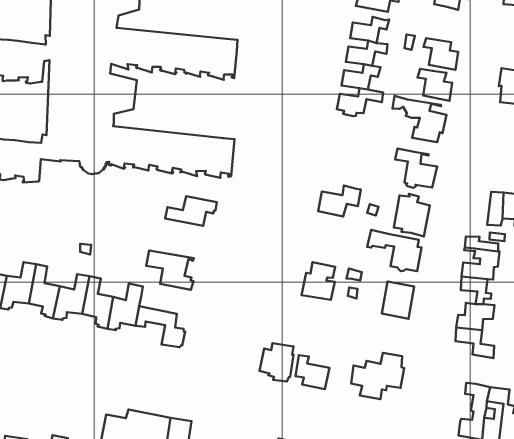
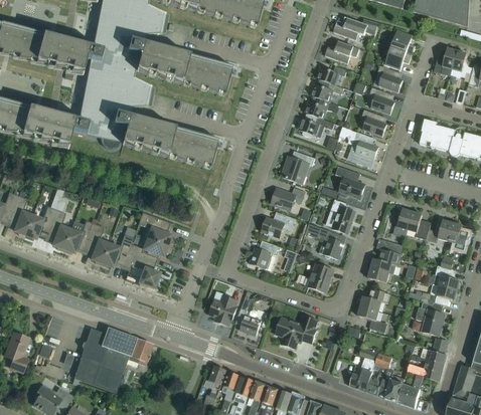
building: none -> [377,64,403,91]
building: none -> [281,150,315,183]
building: [165,196,217,226] -> [128,237,168,261]
building: none -> [261,212,296,237]

